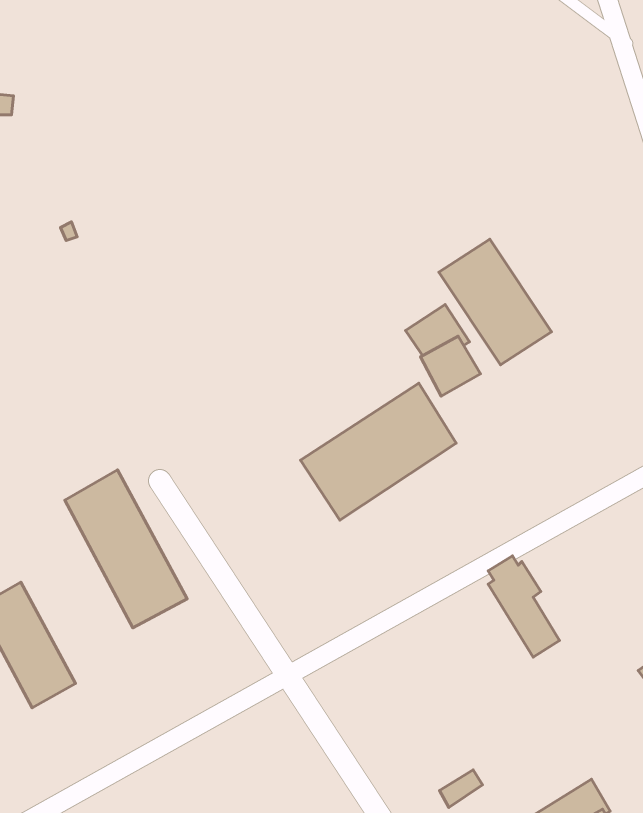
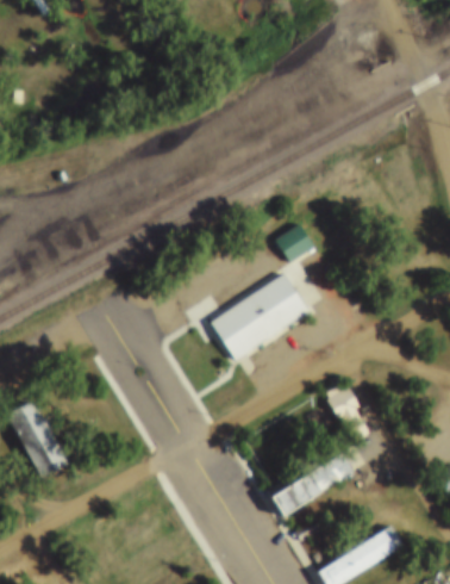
building: [439,239,552,365] -> none
building: [65,470,187,628] -> none
building: none -> [269,449,357,516]

